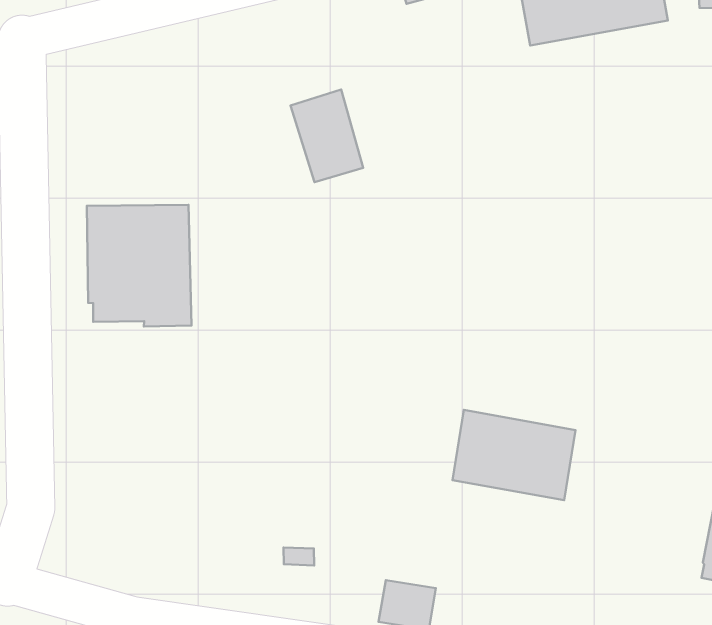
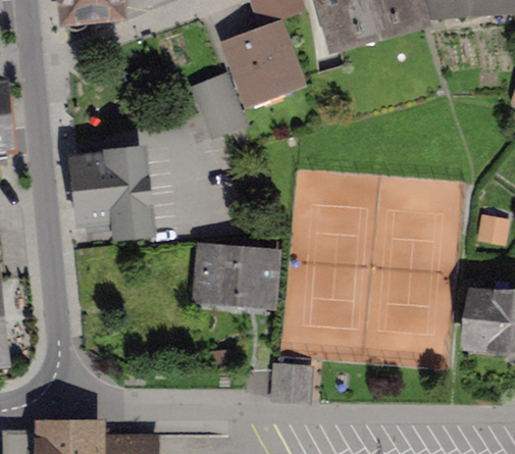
building: none -> [231,32,297,97]
building: [452,410,576,500] -> [201,251,272,300]

